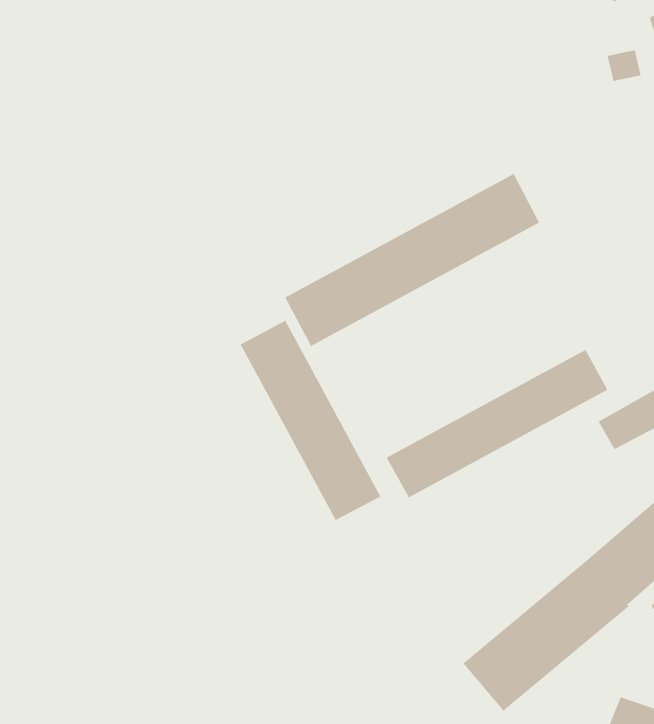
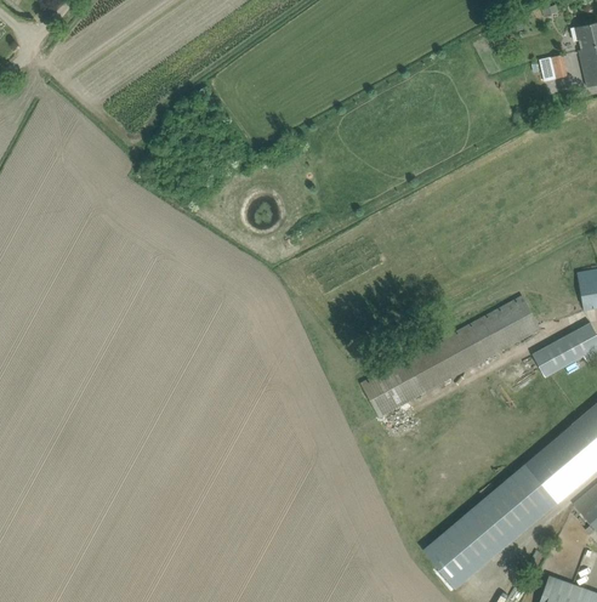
building: [285,173,540,347] -> none
building: [240,320,381,521] -> none

